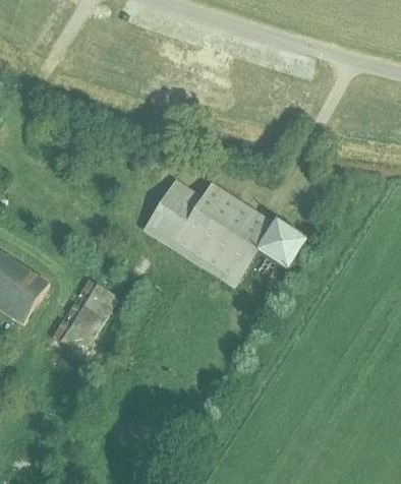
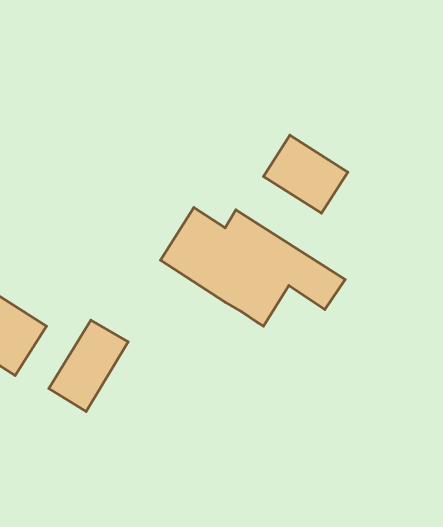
building: none -> [264,135,348,213]

